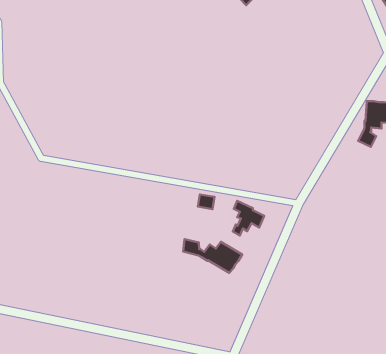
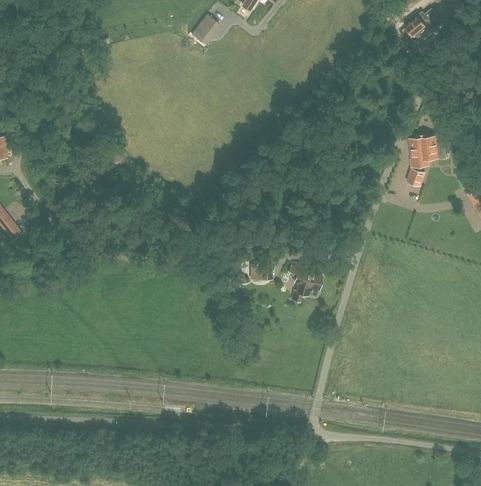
building: [183,239,242,273] -> none

